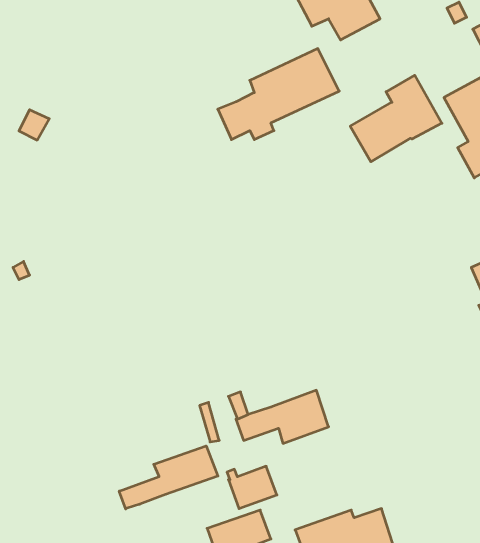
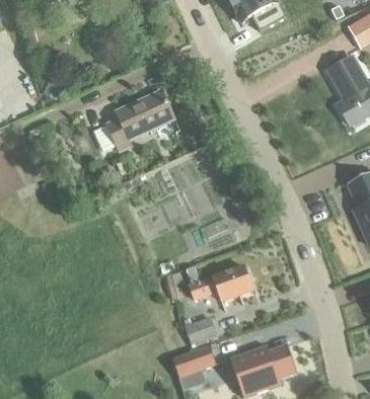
building: [218,49,339,140] -> [93,90,174,151]
building: [350,75,442,162] -> none
building: [119,446,218,509] -> none

